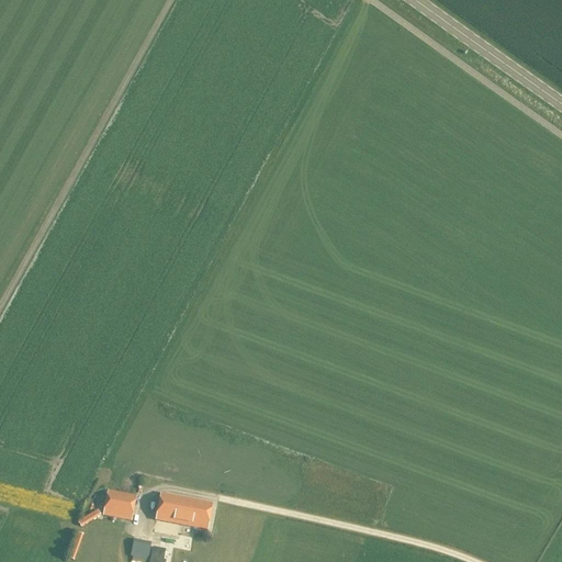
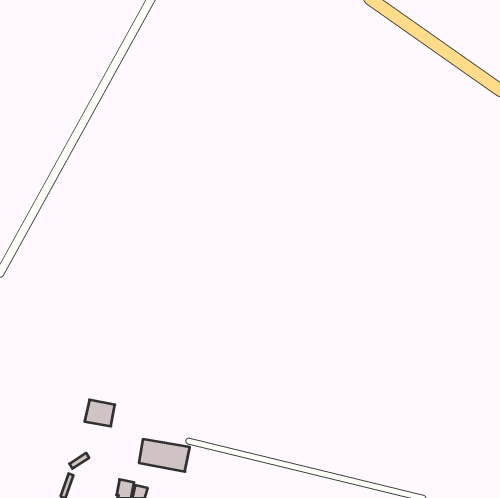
building: [102,490,136,519] -> [85,400,115,426]

